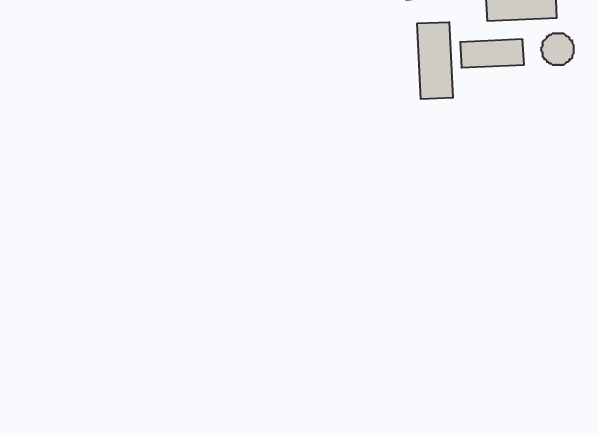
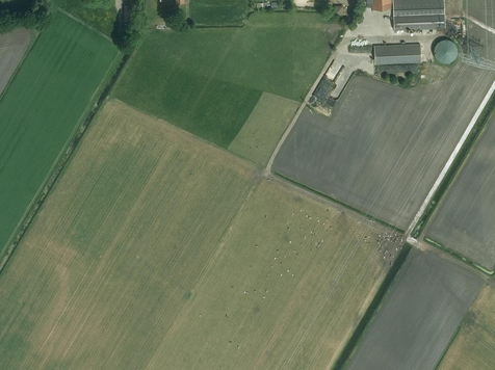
building: [417,22,453,99] -> none

